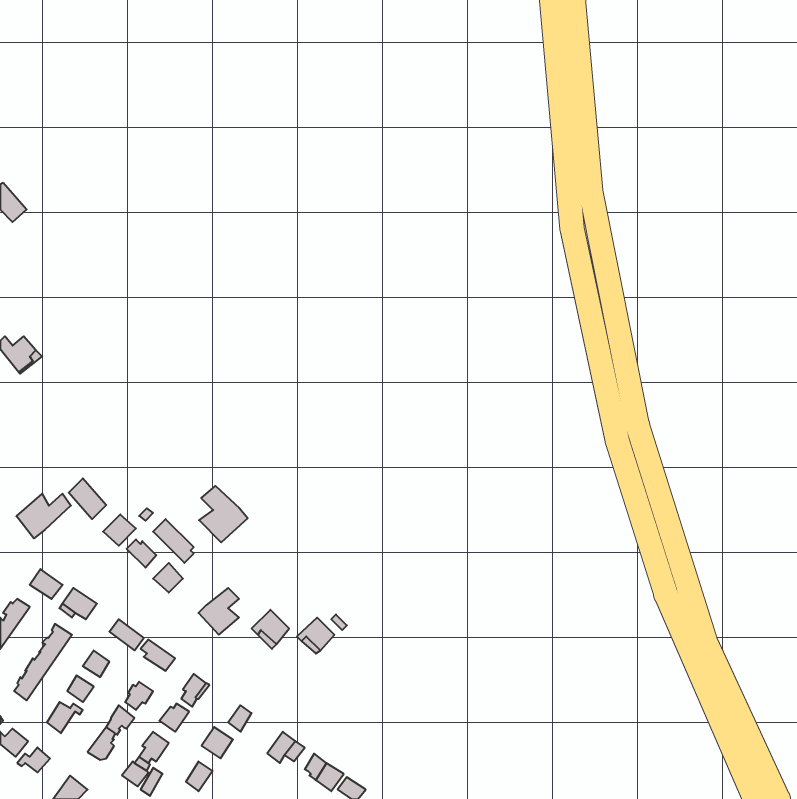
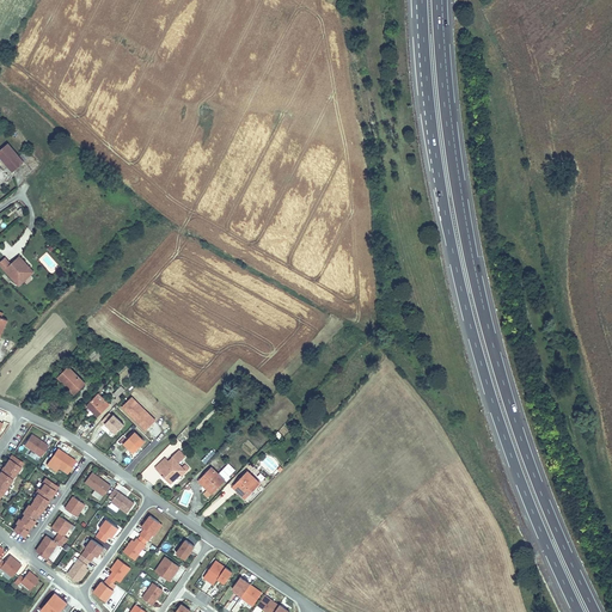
building: [199,486,248,542] -> none
building: [16,494,71,538] -> none

